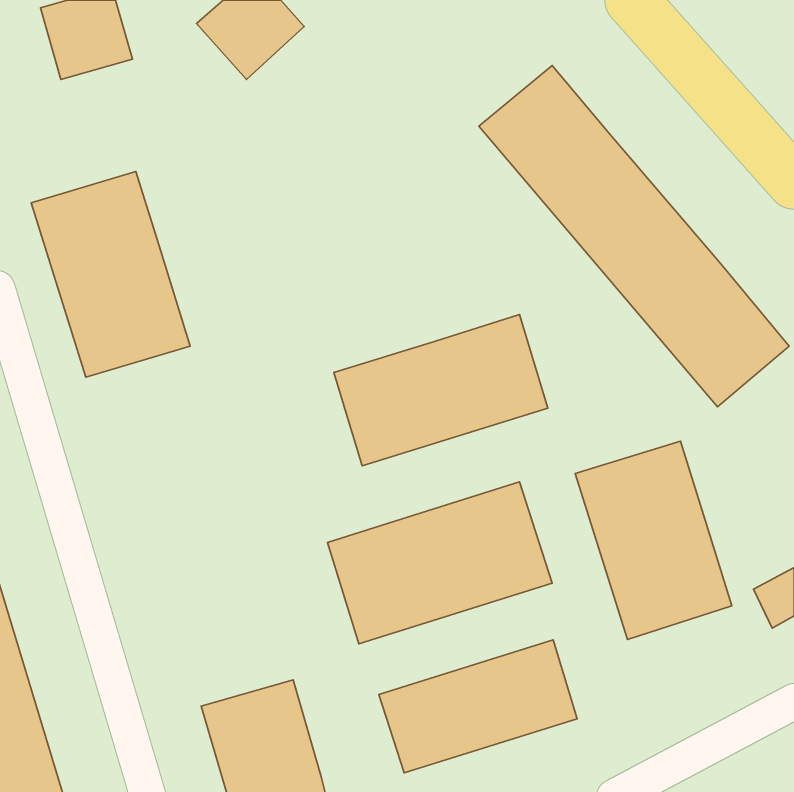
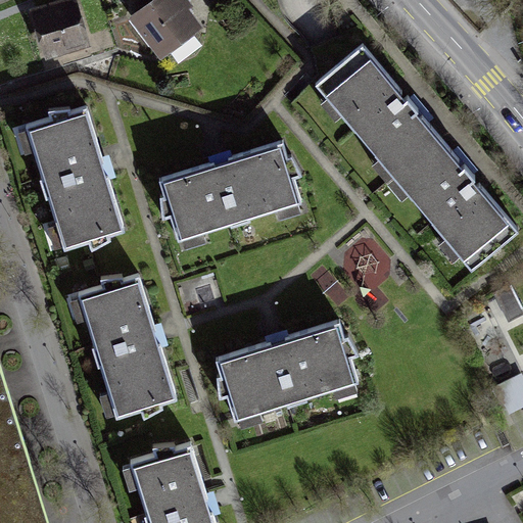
building: [334,315,548,466] -> [160,144,300,243]
building: none -> [79,276,173,416]
building: [575,441,732,639] -> none
building: [379,640,577,773] -> none

